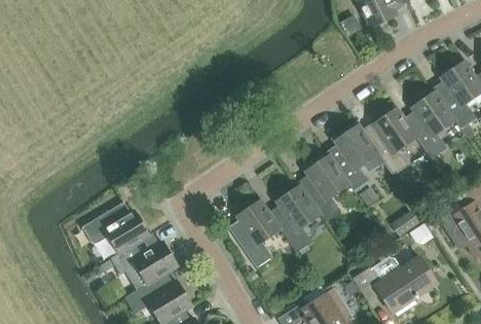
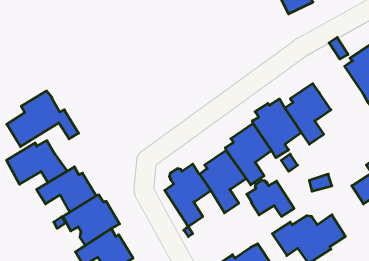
building: [404,87,454,157] -> none
building: none -> [7,91,79,147]
building: none -> [7,141,67,184]
building: none -> [247,180,294,216]

